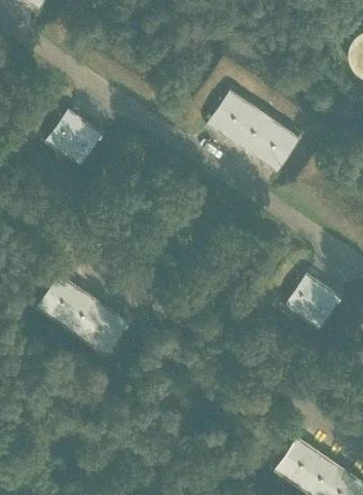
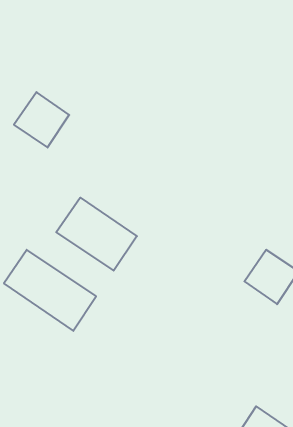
building: [207,91,300,173] -> none
building: none -> [56,198,137,271]

